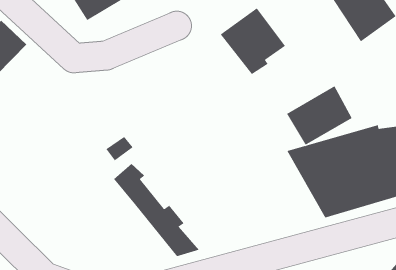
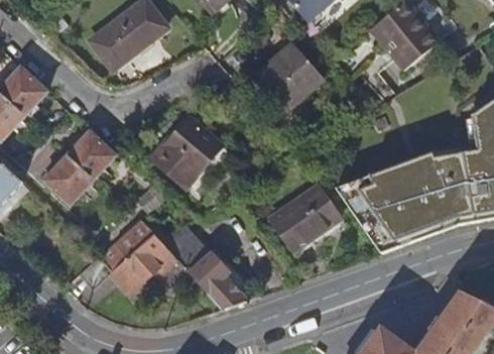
building: none -> [156,118,226,190]
building: none -> [50,129,122,204]
building: [286,85,353,145] -> [263,185,334,250]
building: none -> [81,220,175,285]

